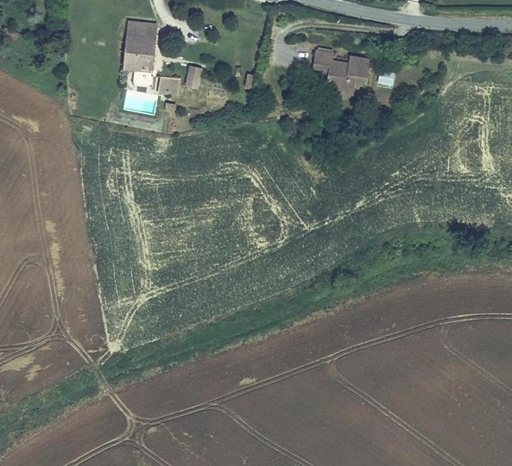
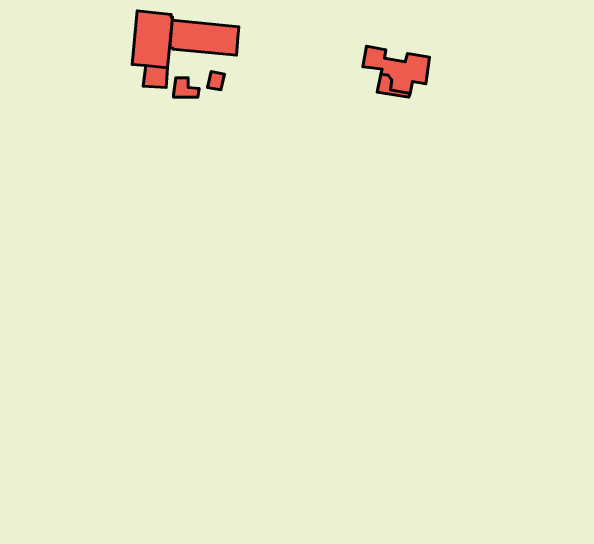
building: none -> [170,20,239,55]

